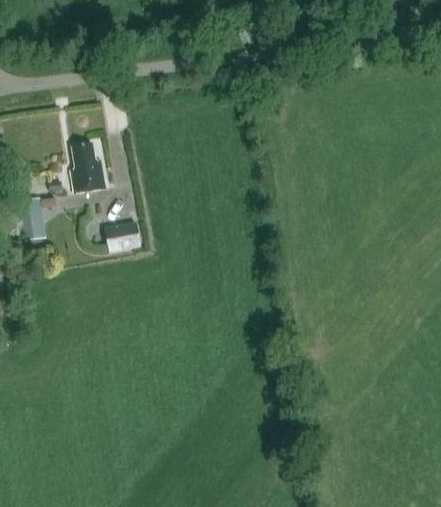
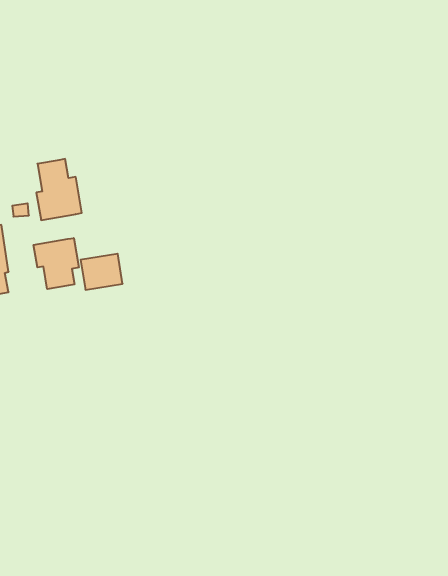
building: none -> [34,238,79,289]

